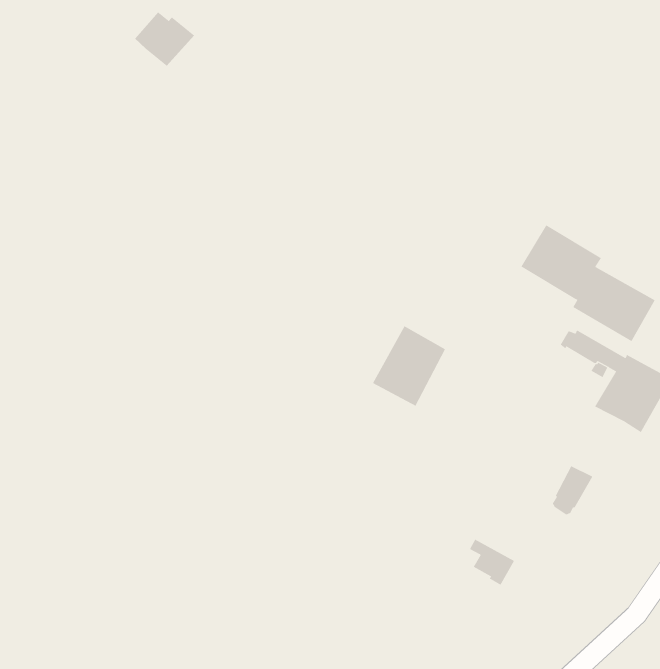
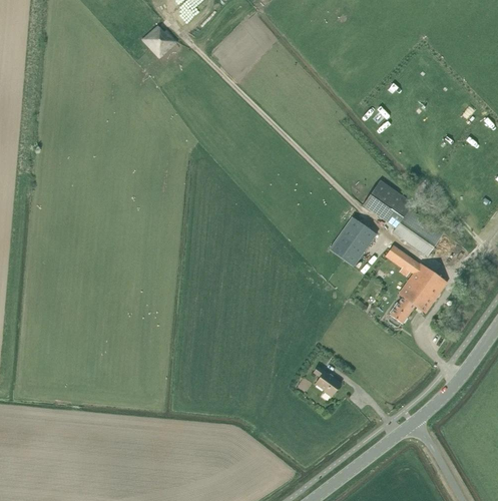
building: [372,326,446,407] -> [329,217,376,268]
building: [552,466,593,515] -> [389,296,416,326]

